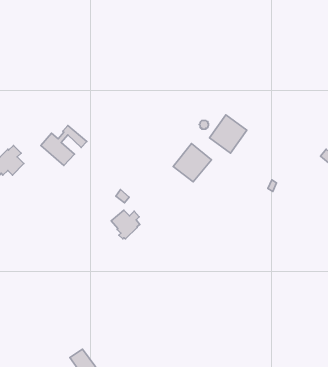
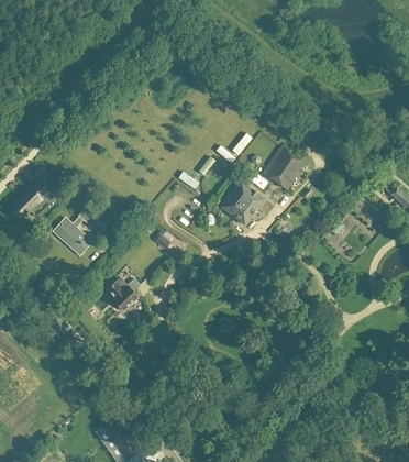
building: [41,125,87,166] -> [52,209,104,255]
building: [111,210,140,239] -> [107,278,140,311]

